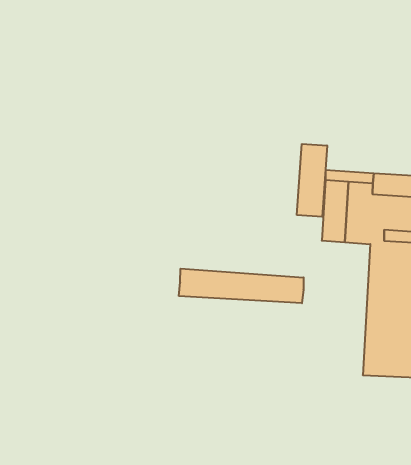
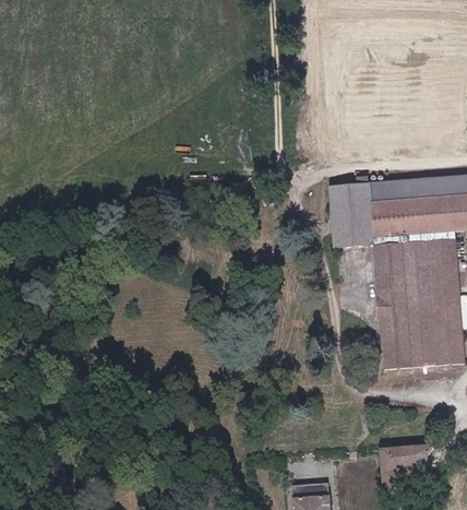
building: [297,144,327,217] -> none
building: [179,269,304,303] -> none

